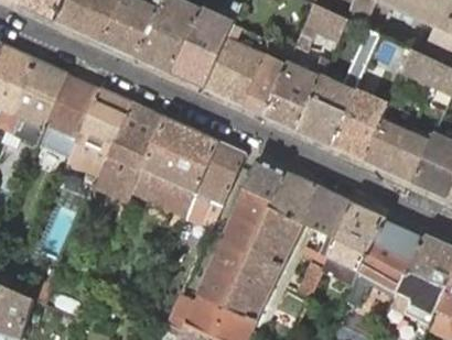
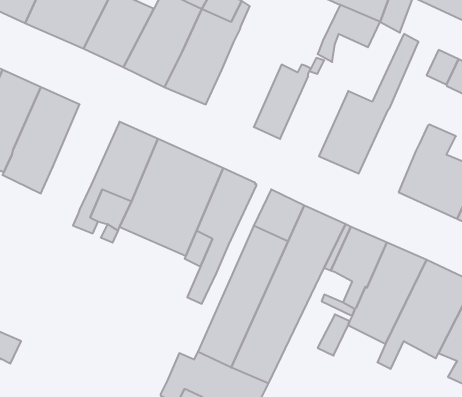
building: [205,25,268,107] -> none
building: [267,62,330,131] -> none
building: [68,88,133,175] -> none
building: [332,91,389,161] -> none

